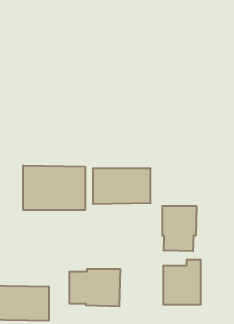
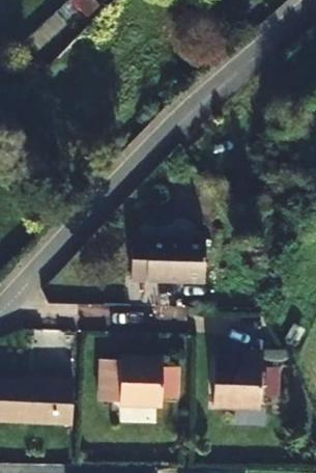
building: [23,165,85,210] -> none
building: [162,206,196,251] -> none

